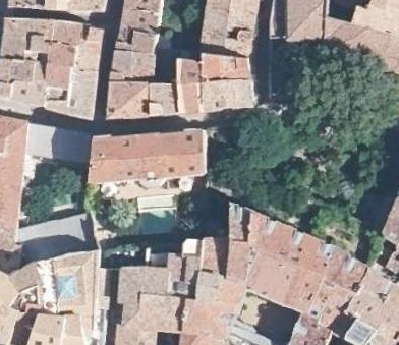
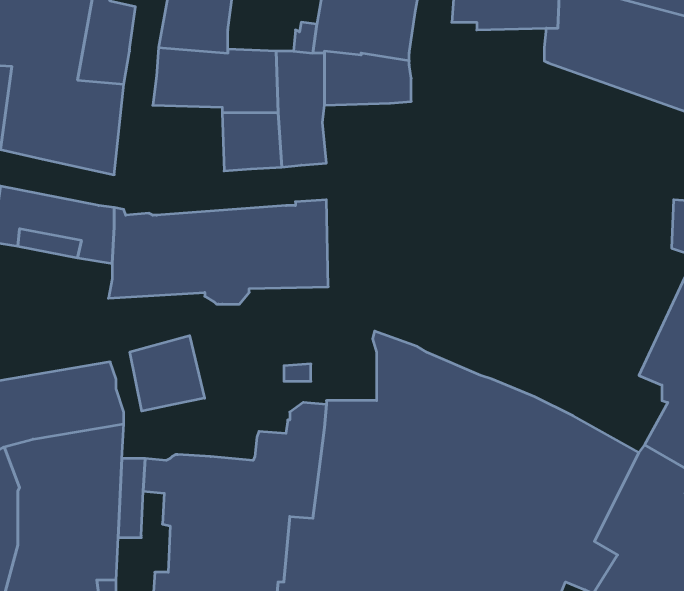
building: [203,78,251,111] -> none
building: [110,80,151,117] -> none
building: none -> [130,336,205,411]

